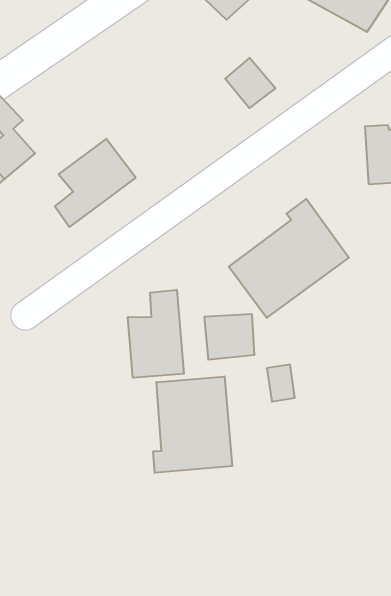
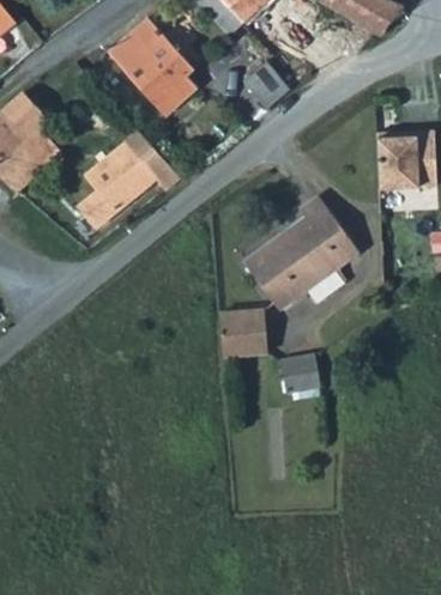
building: none -> [107,17,203,122]
building: [128,290,184,378] -> none
building: [153,376,232,473] -> none

